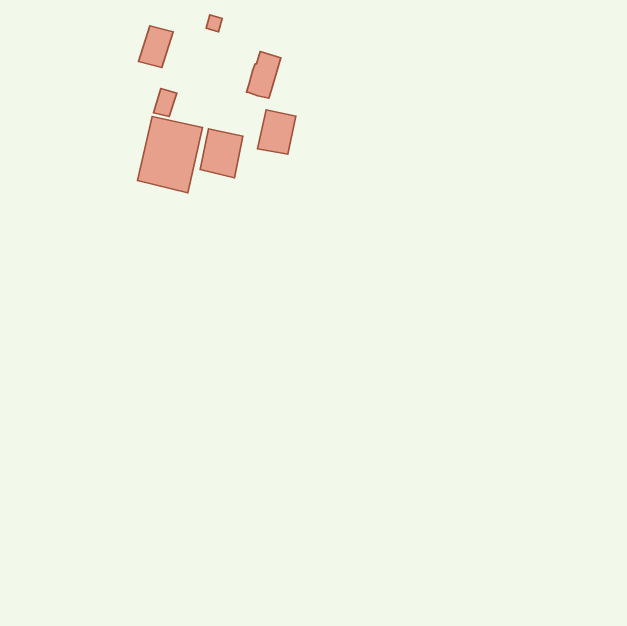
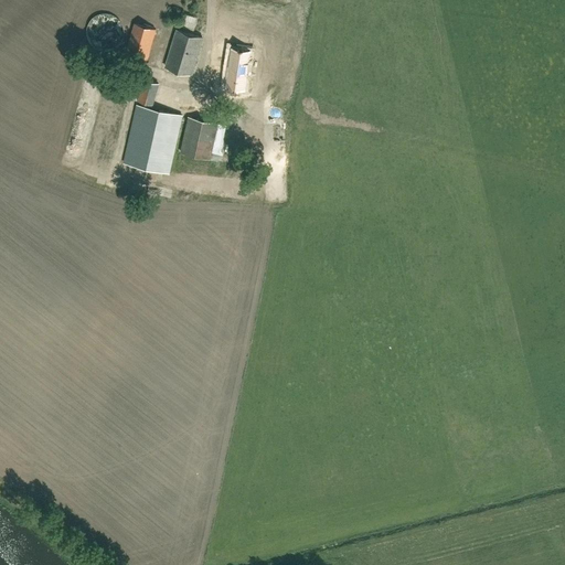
building: none -> [166,30,203,75]
building: [258,110,296,154] -> none

